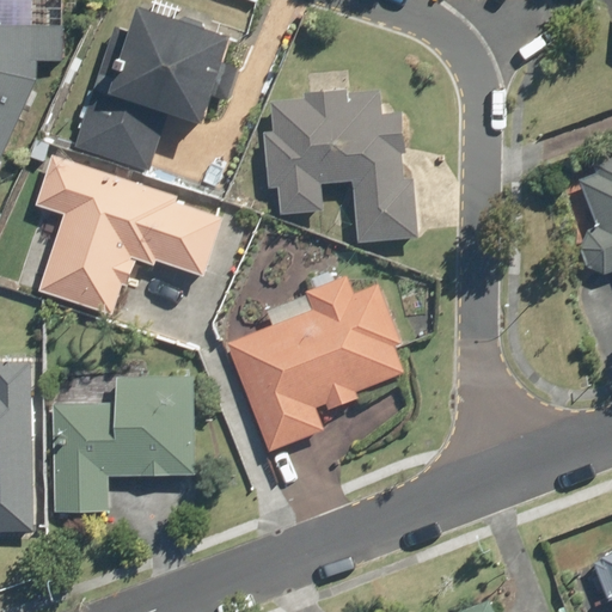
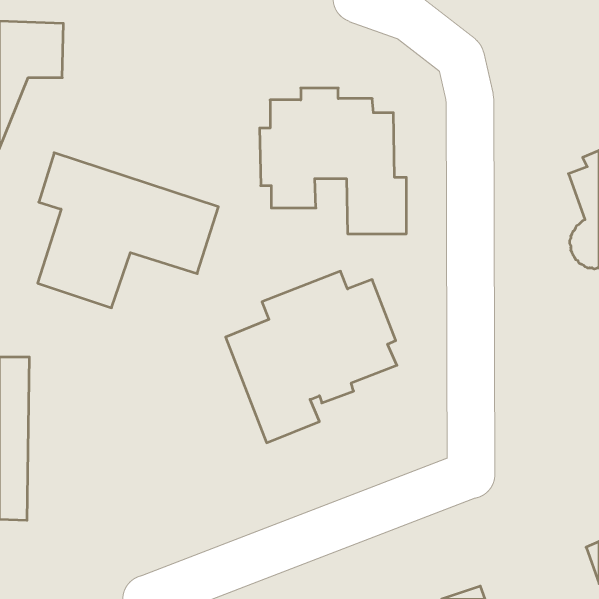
building: [76,7,235,169] -> none
building: [55,373,194,513] -> none

